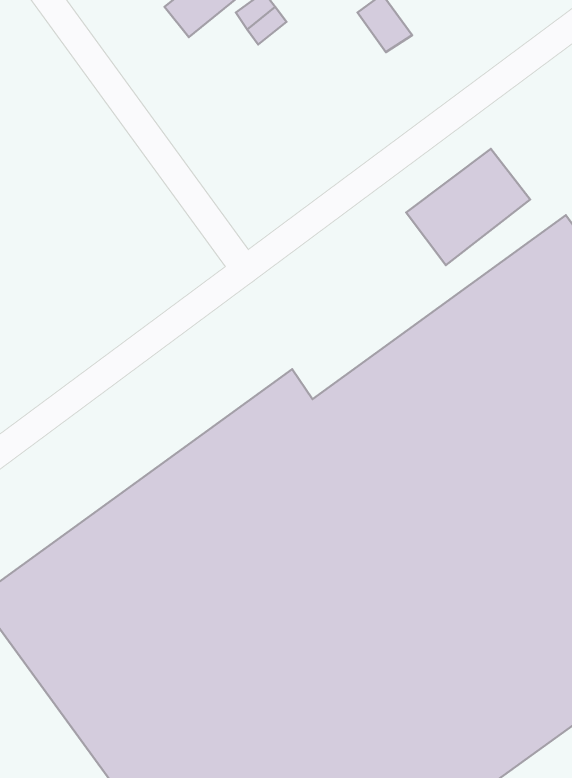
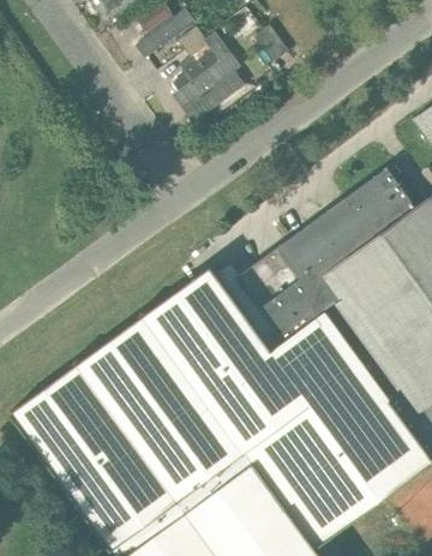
building: [406,149,530,265] -> [176,54,256,128]

